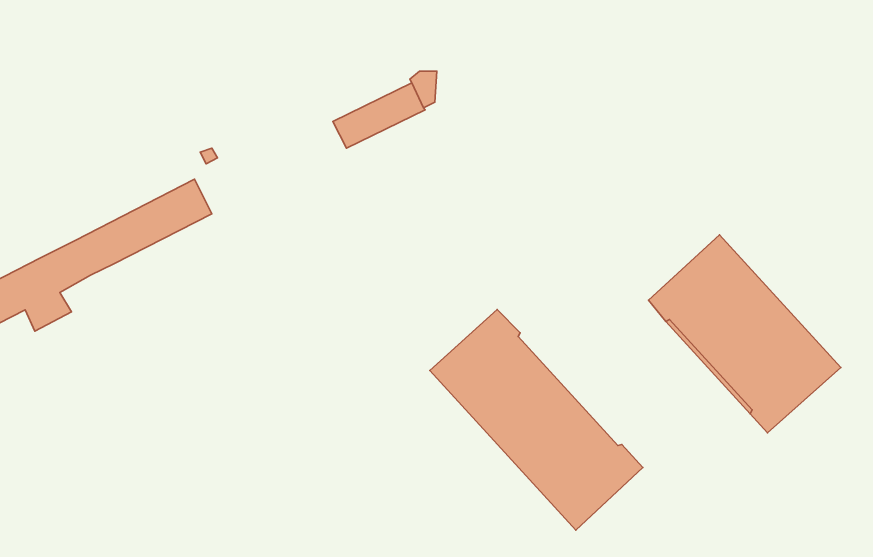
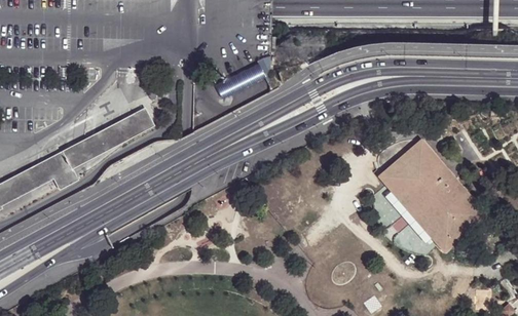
building: [430,310,643,530] -> none

